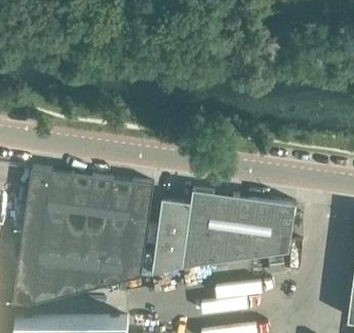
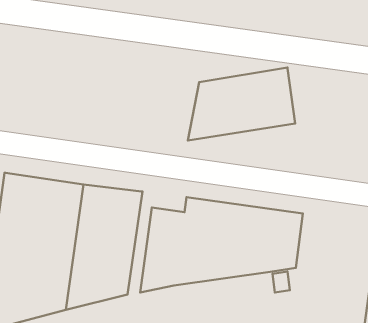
building: none -> [188,68,295,140]

